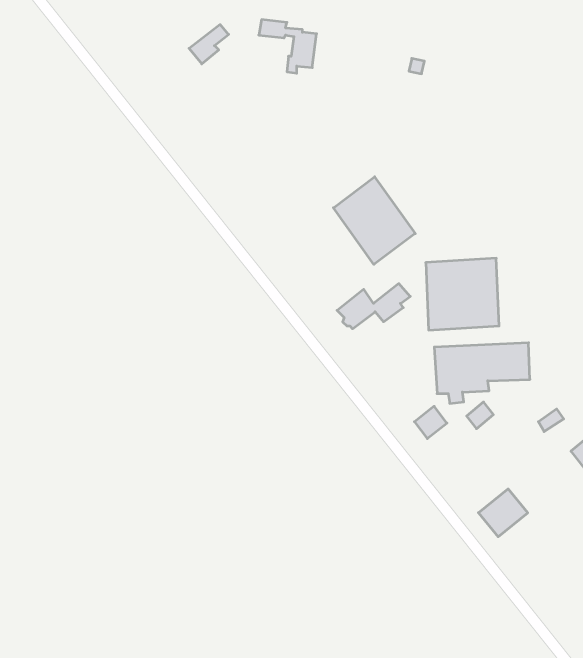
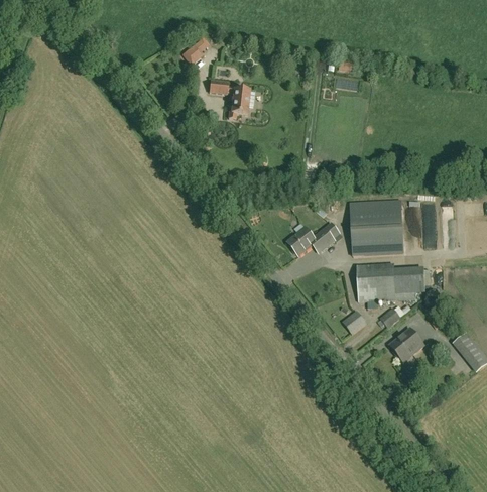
building: [259,20,317,73] -> [209,81,250,119]
building: [333,177,415,264] -> none
building: [478,489,528,537] -> [389,328,424,362]

